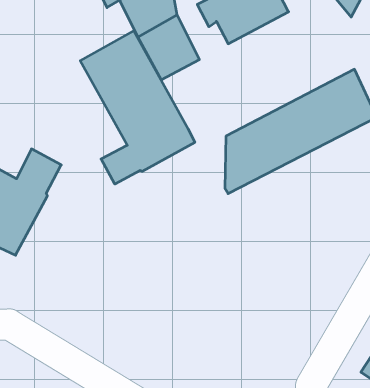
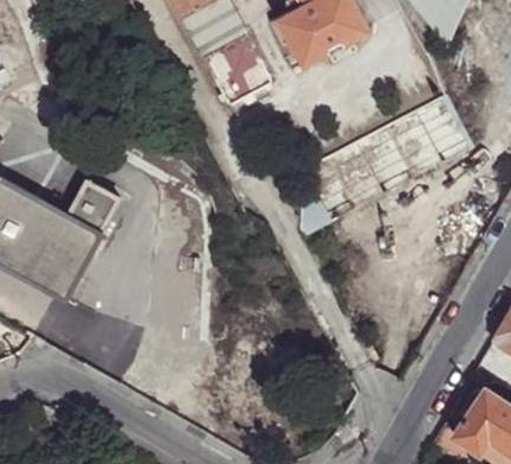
building: [80,31,195,184] -> none

